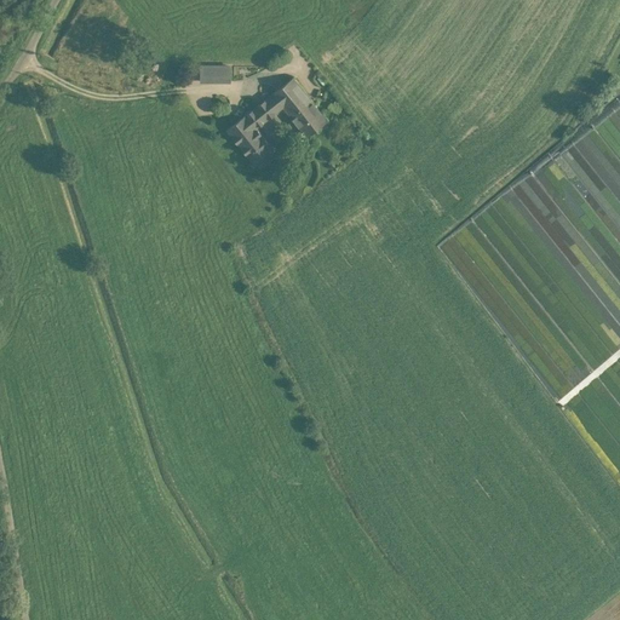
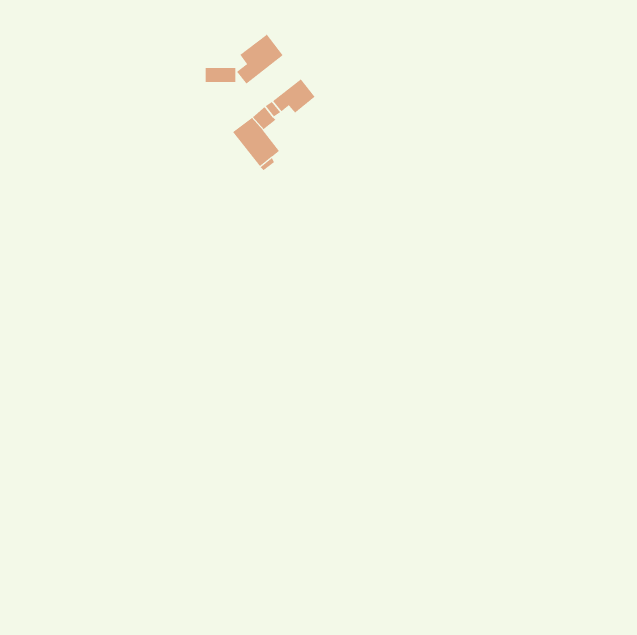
building: none -> [236,27,284,85]
building: [286,97,326,138] -> none

